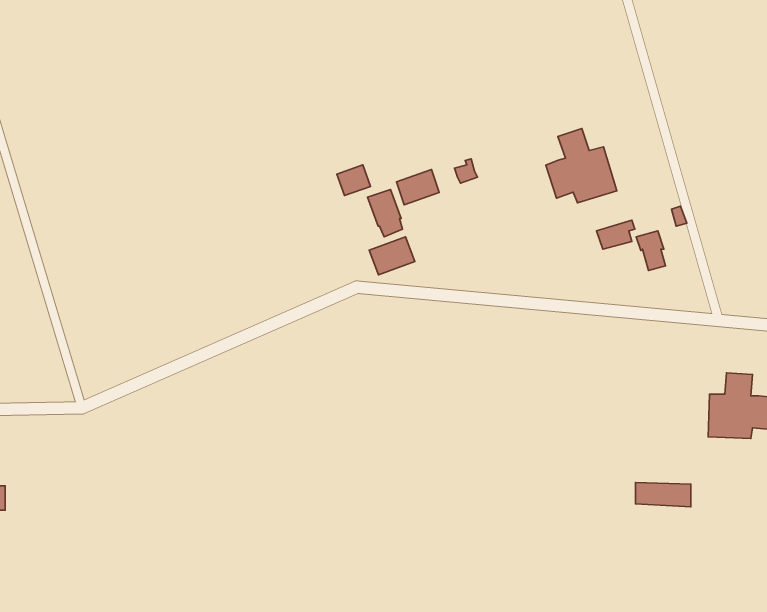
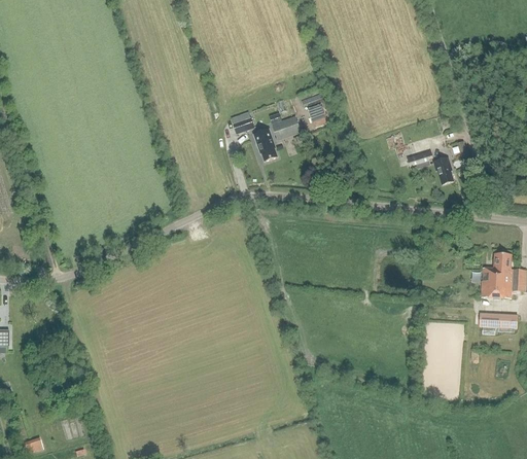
building: [546,128,617,203] -> none
building: [369,237,415,275] -> none
building: [636,483,691,507] -> [480,311,517,327]

